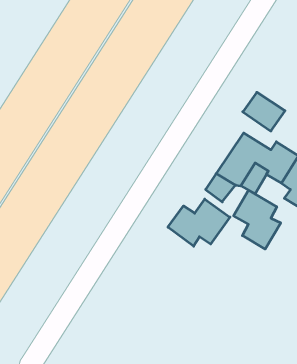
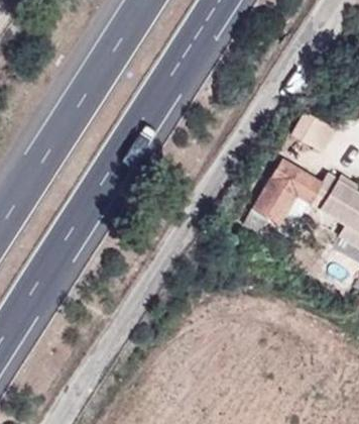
building: [234,190,281,249] -> none
building: [168,199,230,246] -> none

